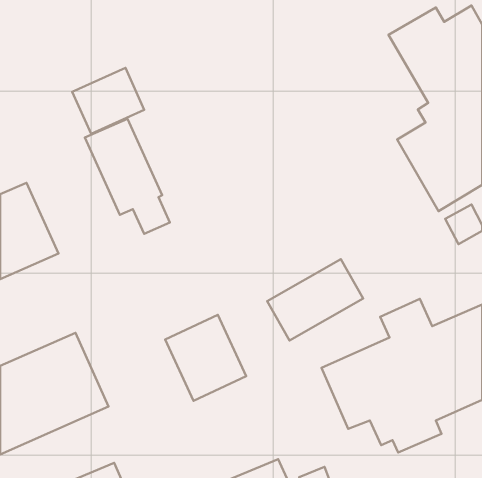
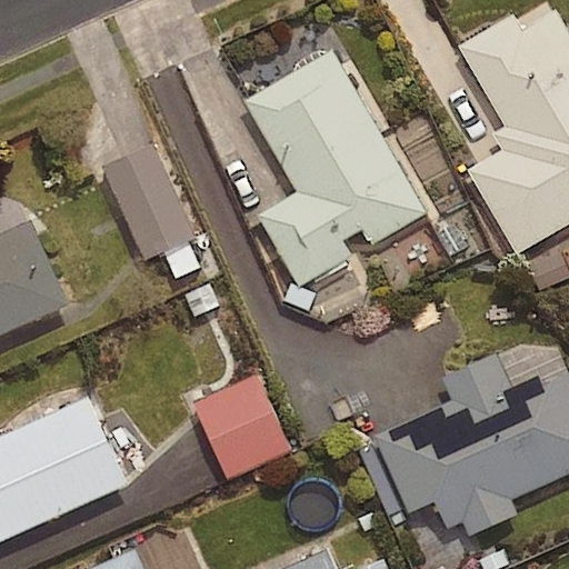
building: none -> [244,50,427,288]
building: [72,68,144,134] -> none
building: [267,259,363,341] -> none

